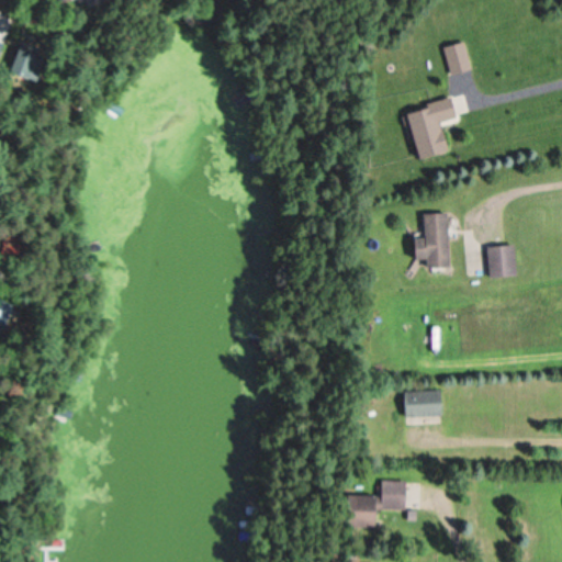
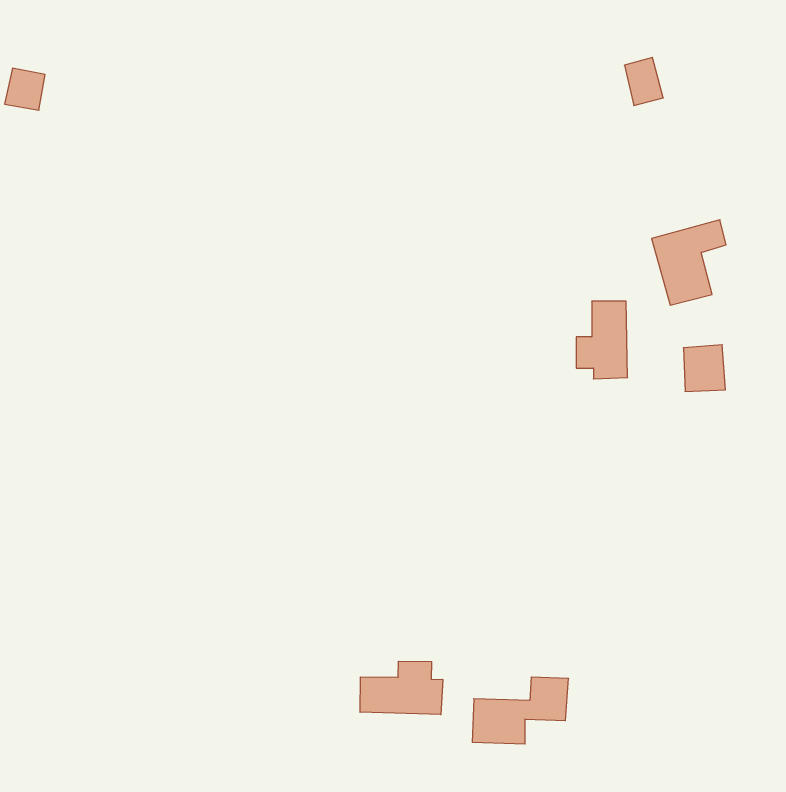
building: [405,99,458,159] -> [652,220,726,305]
building: [405,392,441,415] -> none
building: none -> [360,661,443,715]

